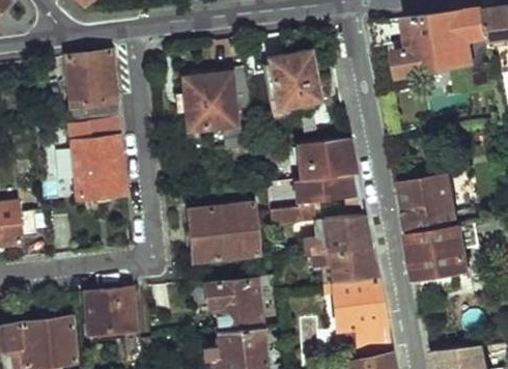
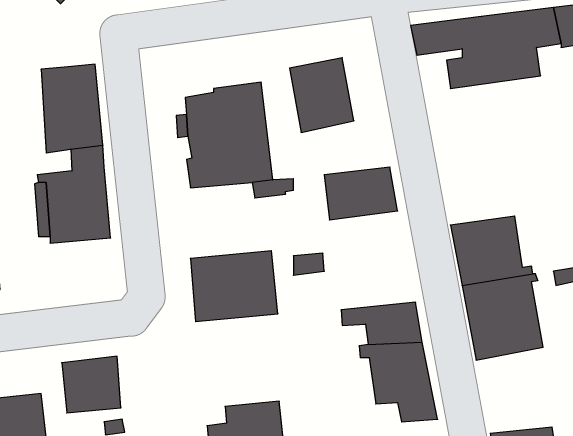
building: [294,172,360,200] -> none
building: [308,215,370,252] -> none
building: [205,279,260,330] -> none

